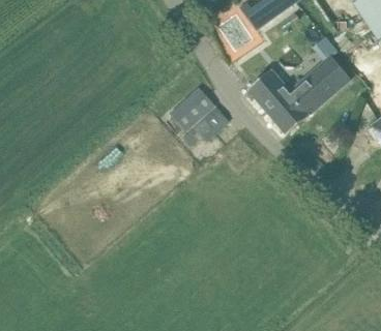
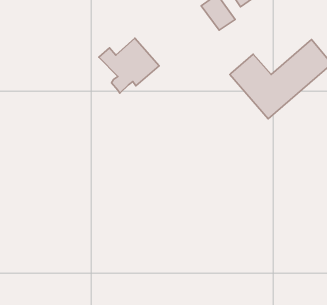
building: [169,94,228,148] -> [99,38,159,93]

